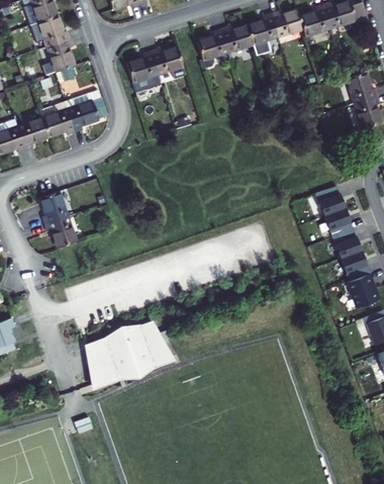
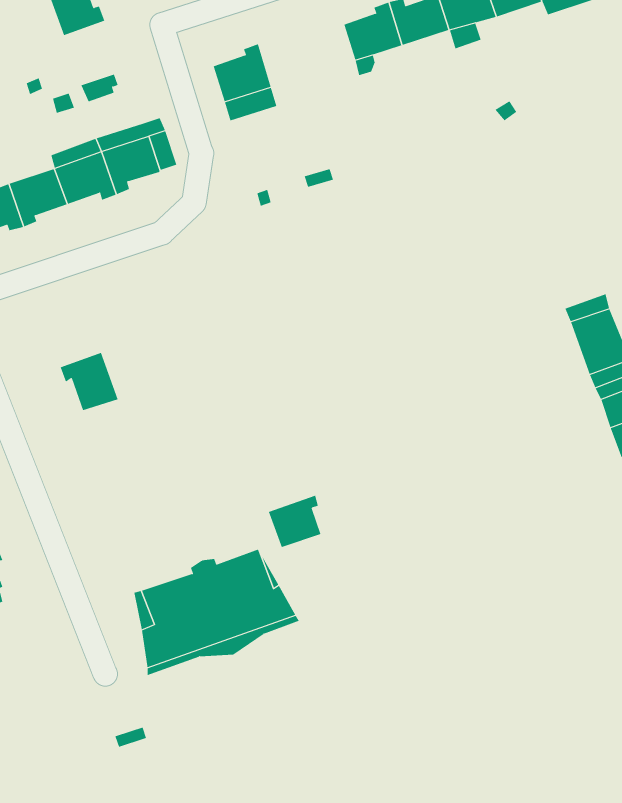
building: [46,39,74,72] -> none
building: [151,47,185,78] -> none
building: [39,191,67,224] -> none
building: none -> [268,495,321,548]

